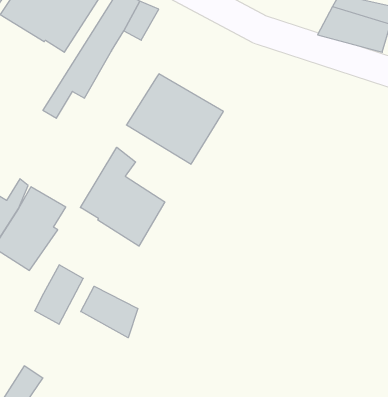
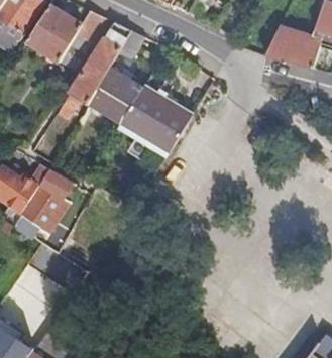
building: none -> [89,68,142,123]
building: [80,147,165,246] -> none
building: [81,286,138,338] -> none

